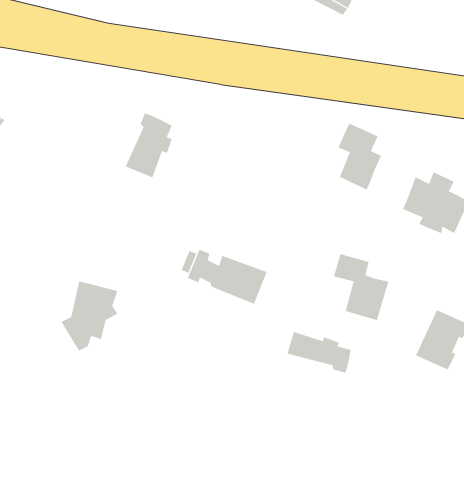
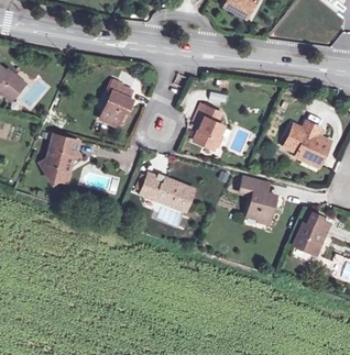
building: [337,123,382,190] -> [194,104,223,149]
building: [61,281,118,351] -> [41,135,79,182]
building: [287,331,351,373] -> none

